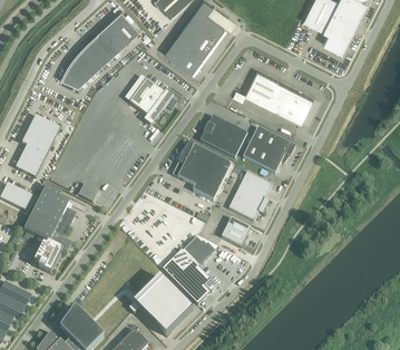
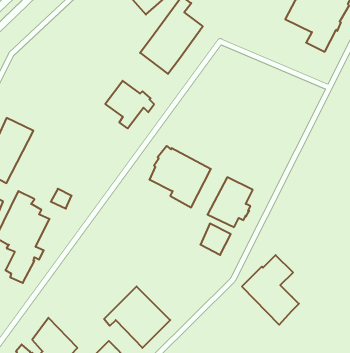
building: [61,10,138,87] -> none
building: [244,71,312,124] -> none
building: [199,116,246,158] -> none
building: [242,127,294,174] -> none
building: [162,239,216,305] -> [242,255,299,325]

